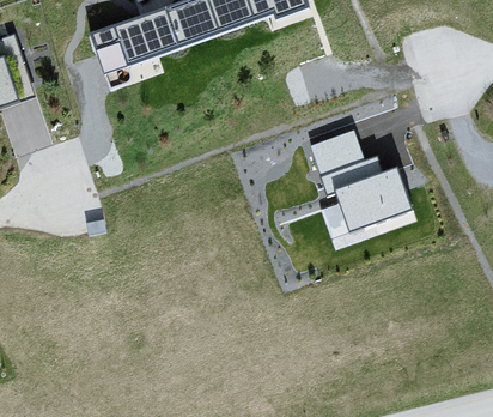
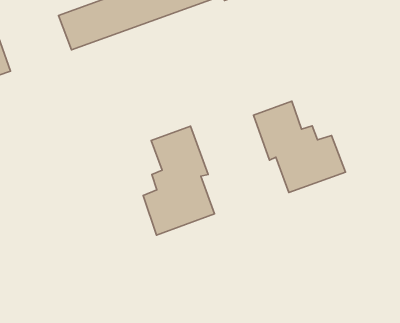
building: none -> [143,126,215,235]

